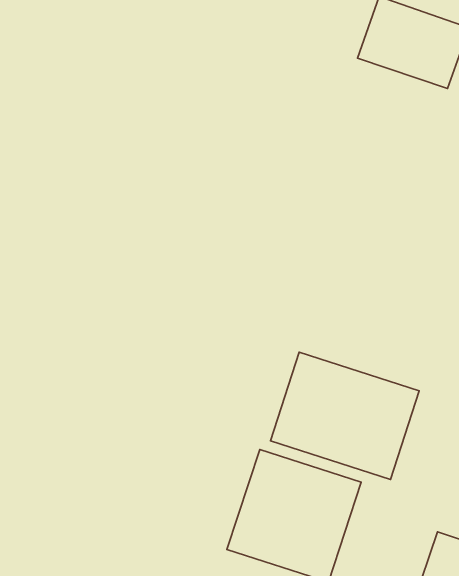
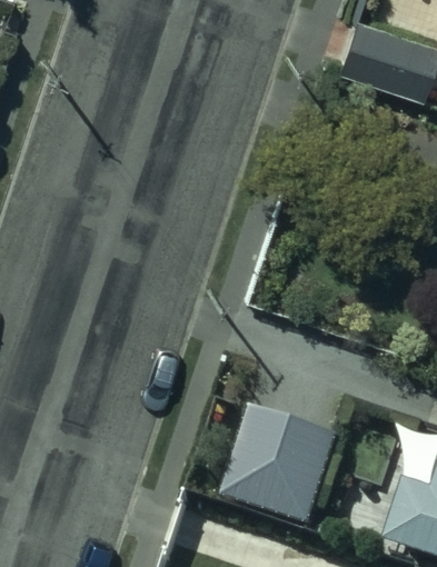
building: [270,352,419,479] -> none

